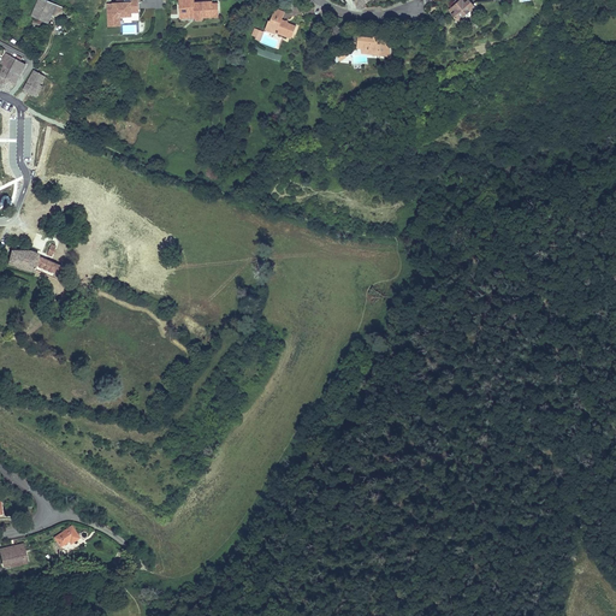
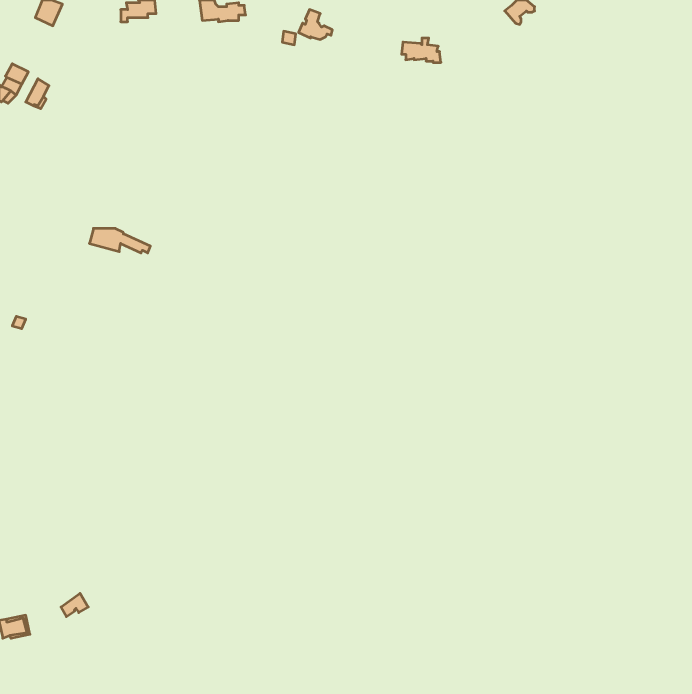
building: [7,250,61,272] -> [89,228,150,253]

